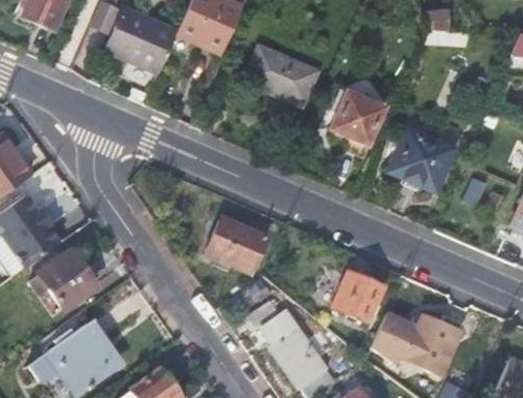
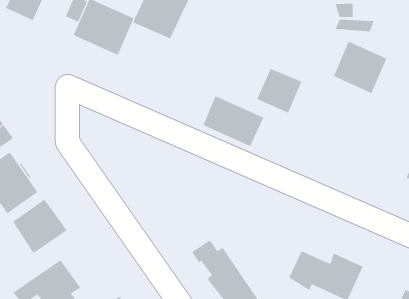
building: [245,43,320,106] -> [203,95,264,147]
building: [389,126,455,191] -> [333,41,387,94]
building: [204,215,267,274] -> none
building: [333,271,383,324] -> none

